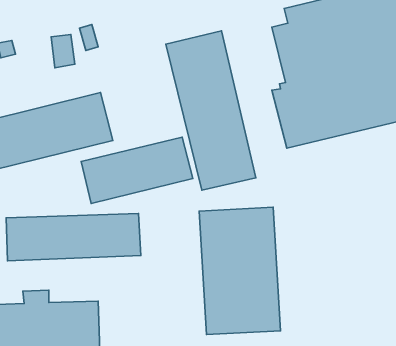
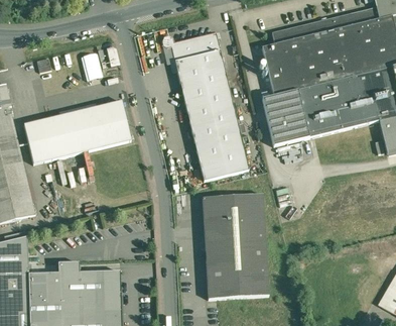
building: none -> [161,32,220,61]
building: [81,137,193,204] -> none
building: [6,213,141,261] -> none

